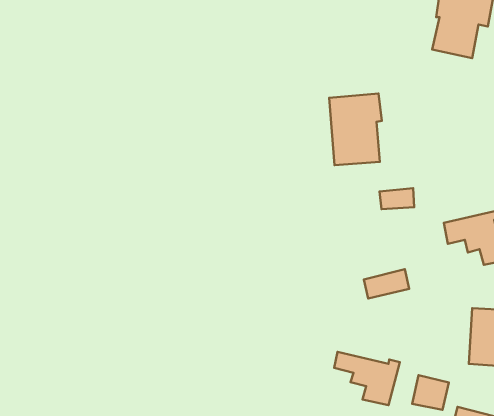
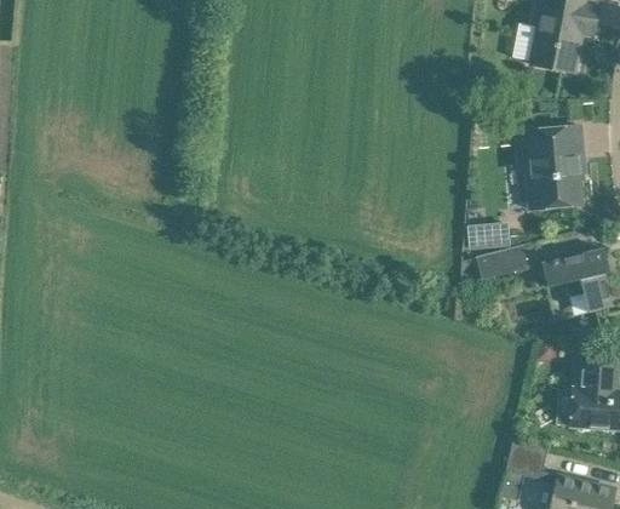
building: [329,94,382,165] -> [523,126,584,208]
building: [364,269,409,298] -> [476,245,528,279]
building: [334,352,400,405] -> none

